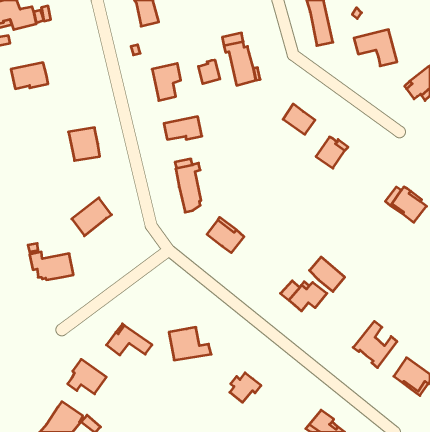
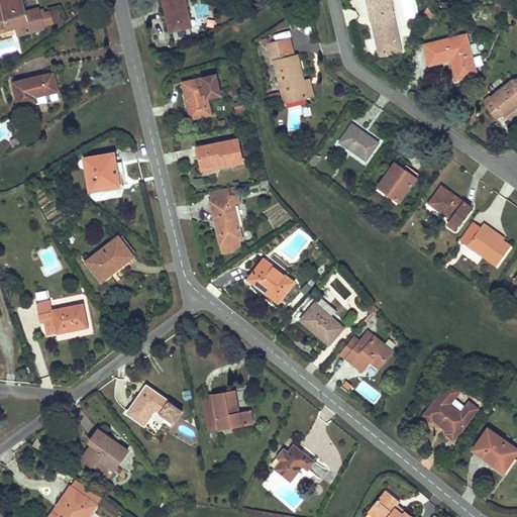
building: [198,60,220,84] -> none
building: none -> [426,185,470,229]
building: [309,257,345,292] -> [300,303,342,344]

